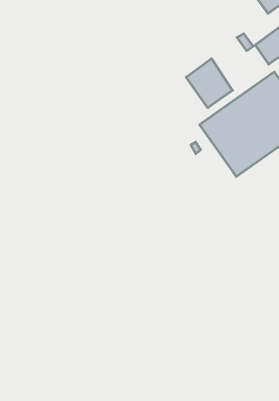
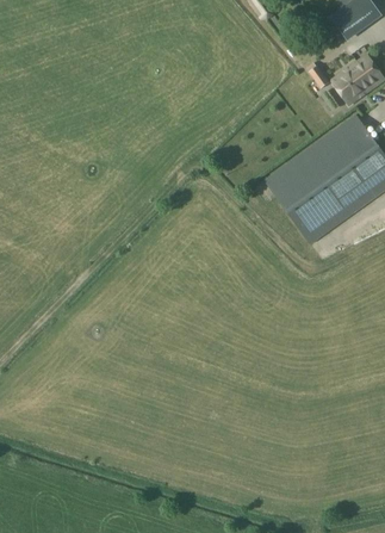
building: [186,59,233,108] -> none

